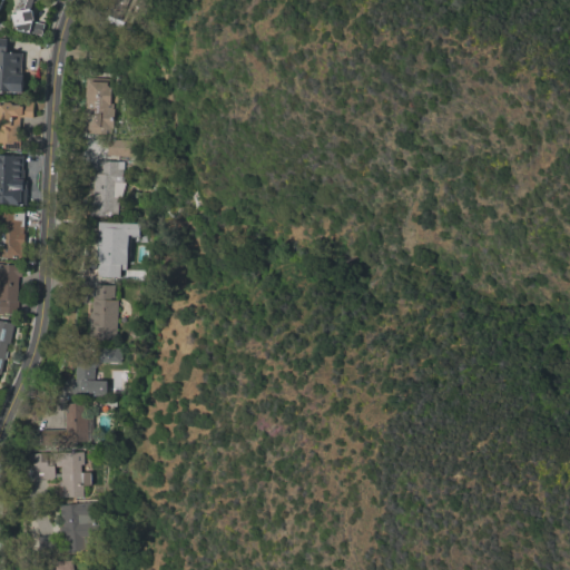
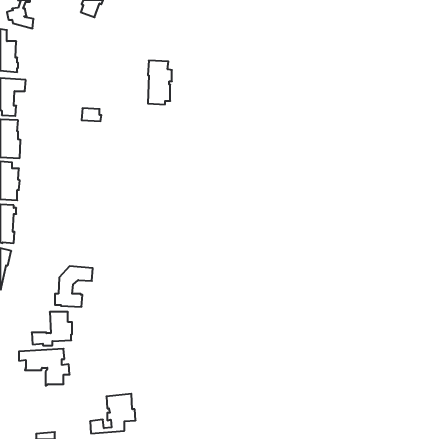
building: [83,78,115,135] -> [148,61,172,104]
building: [89,160,125,218] -> none
building: [97,223,139,278] -> none
building: [89,285,117,342] -> none
building: [38,502,97,553] -> [90,394,136,433]

